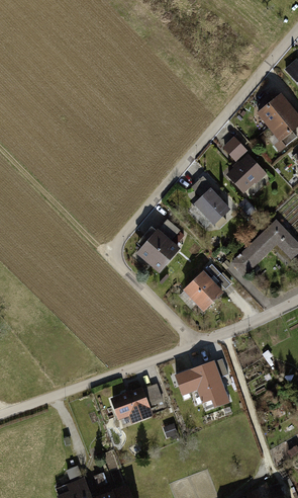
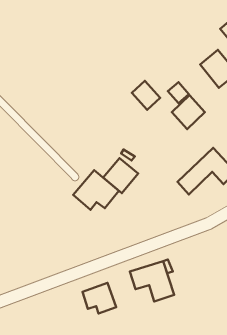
building: [194,188,229,225] -> [132,81,160,110]
building: none -> [73,170,119,210]
building: [184,270,225,311] -> none

